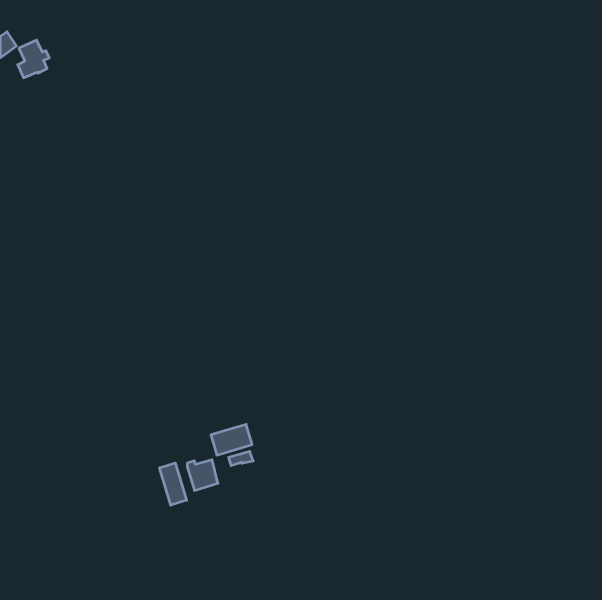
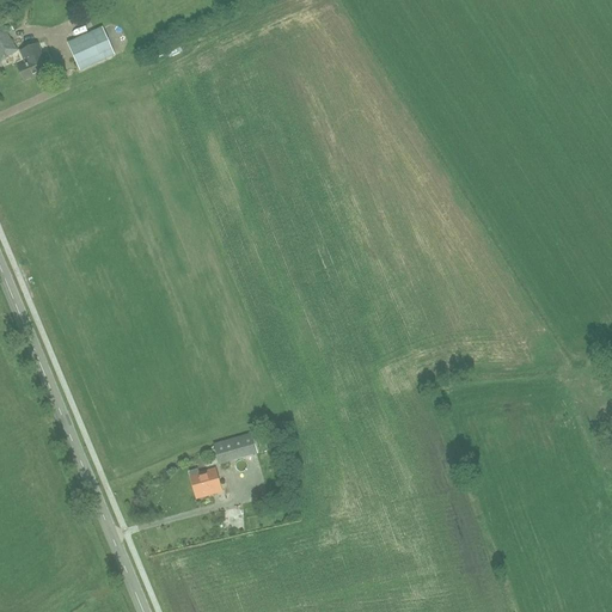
building: none -> [67,26,115,69]
building: [160,463,187,505] -> none

